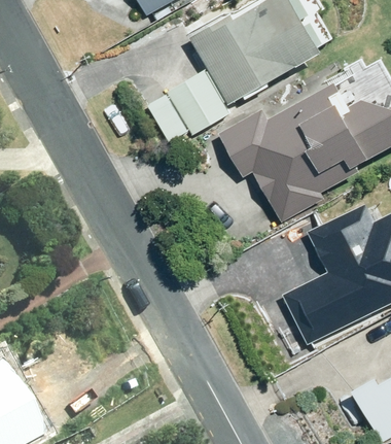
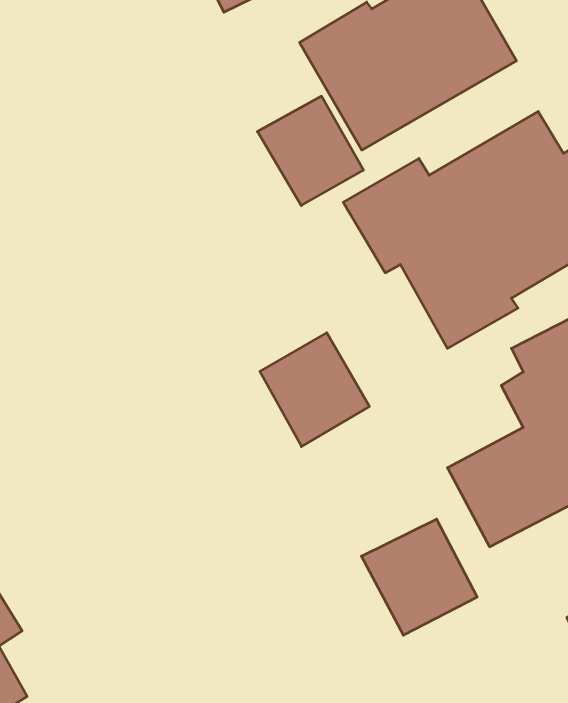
building: none -> [260,333,369,447]
building: none -> [361,519,477,635]

